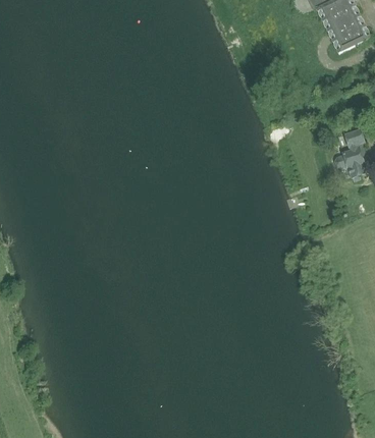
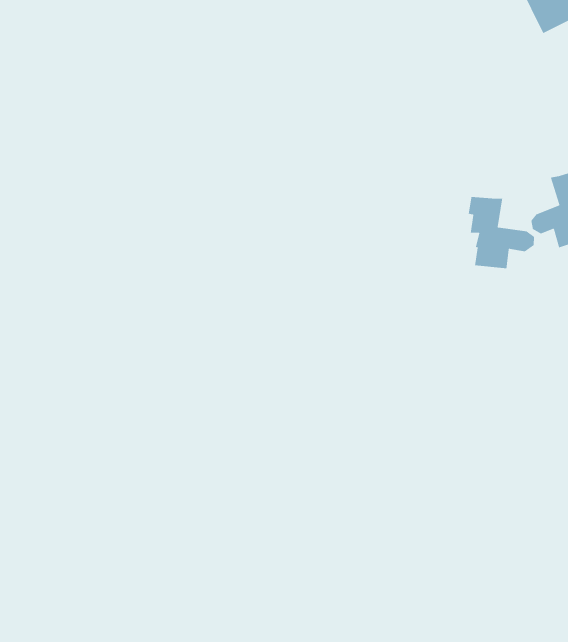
building: none -> [468,196,535,269]

